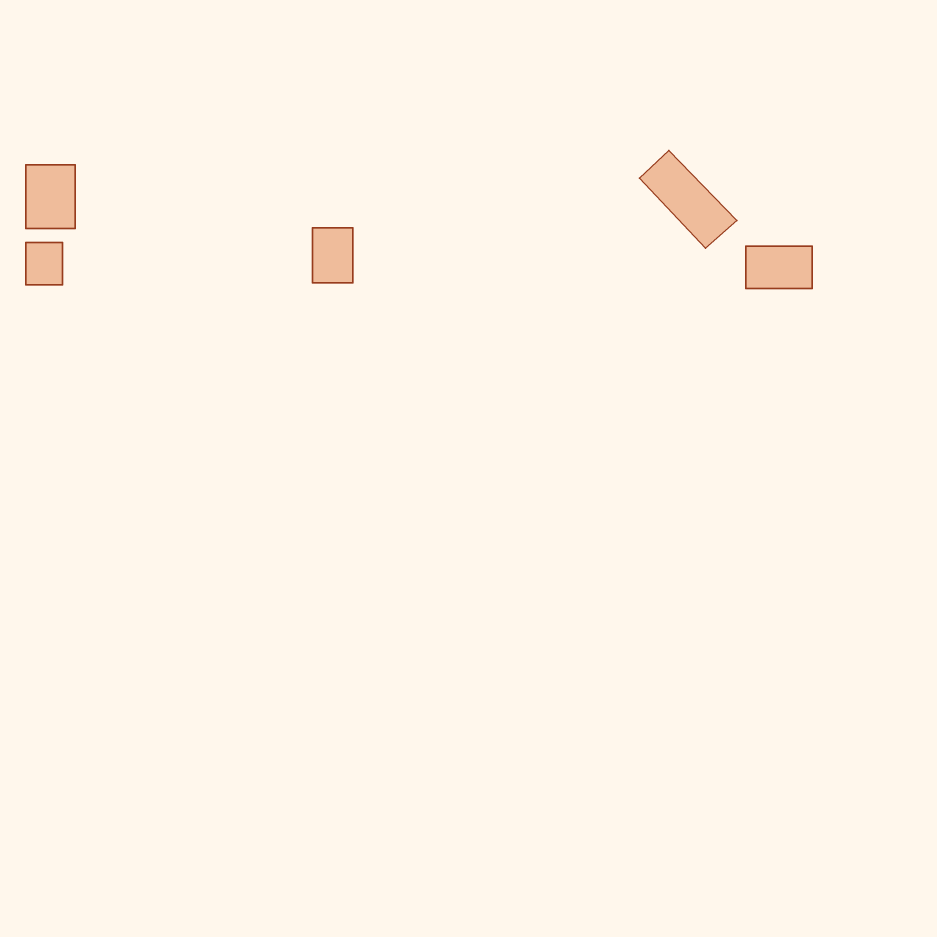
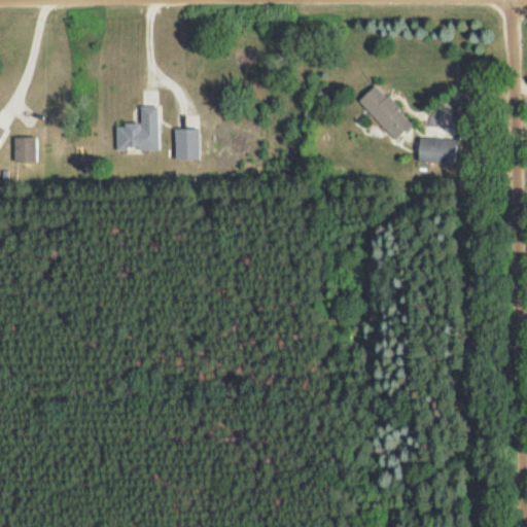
building: [26,165,75,228] -> none
building: none -> [116,106,159,150]

